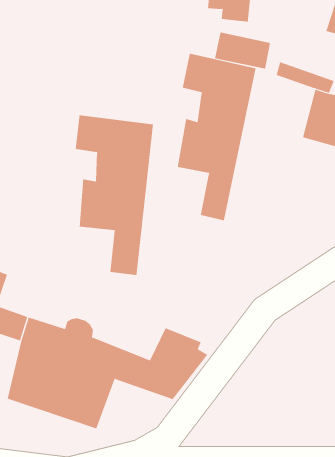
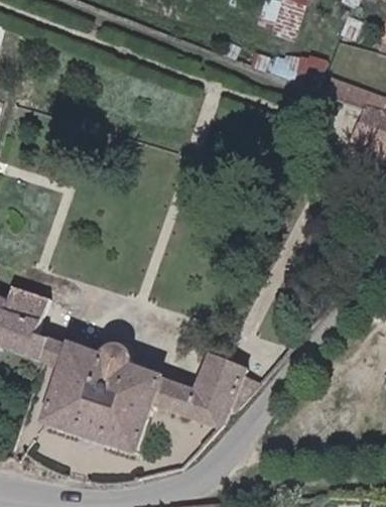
building: [177,53,256,221] -> none
building: [75,115,154,276] -> none

